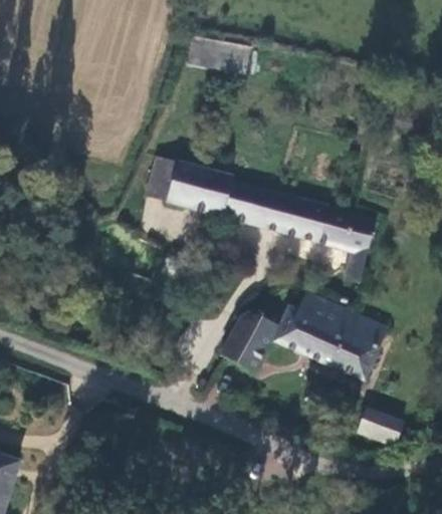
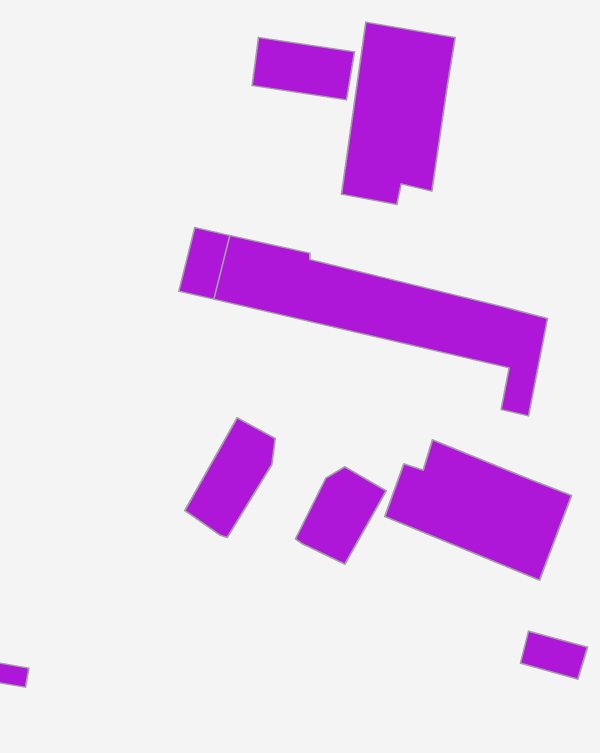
building: none -> [342,22,455,204]
building: none -> [185,418,275,538]

